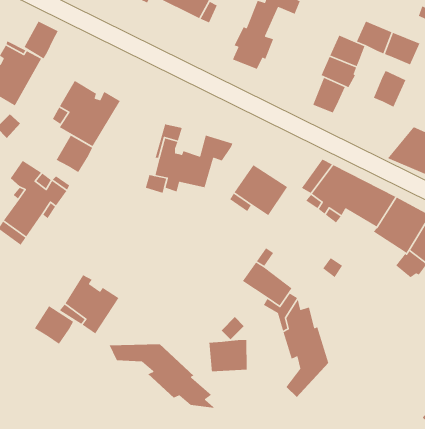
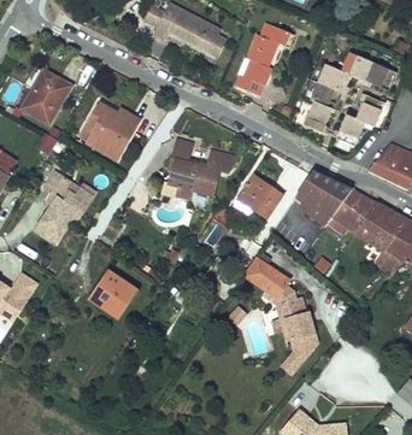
building: [23,20,59,60] -> none
building: none -> [336,114,364,146]
building: [56,135,93,173] -> none
building: [34,305,74,345] -> none
building: [208,339,247,372] -> none
building: [109,344,217,409] -> none

